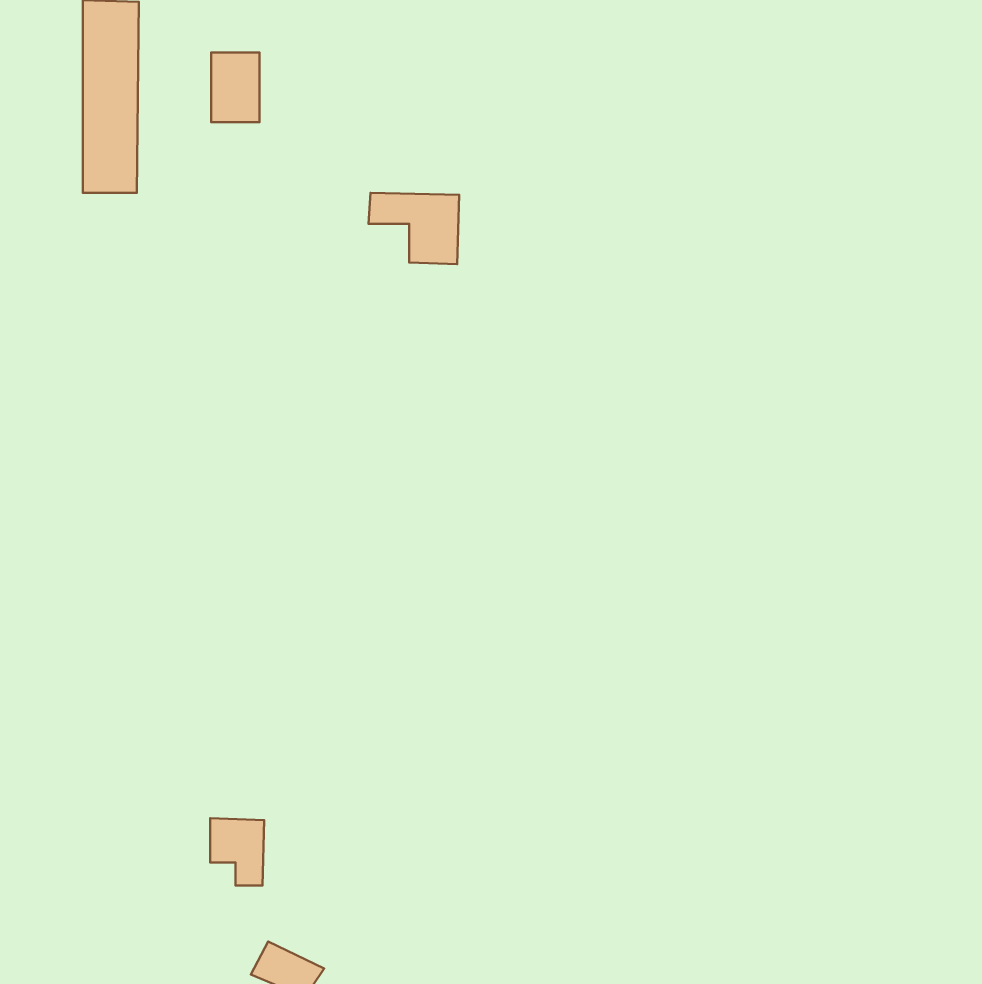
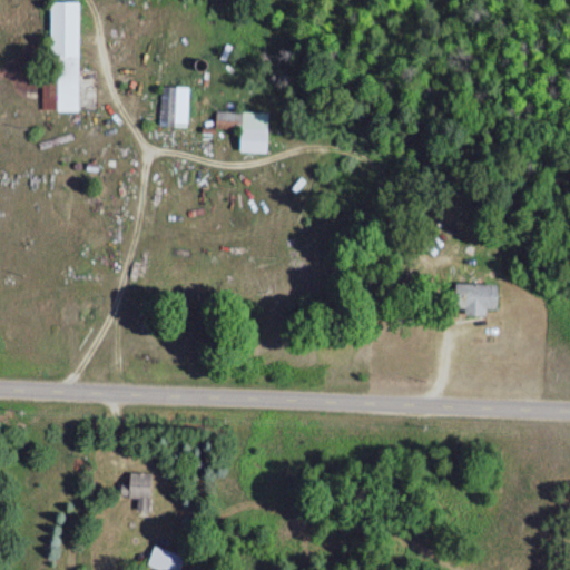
building: [211,53,260,122] -> [161,87,189,127]
building: none -> [453,285,500,317]

